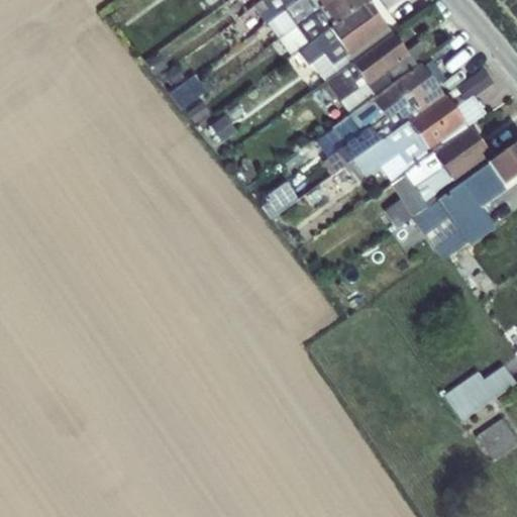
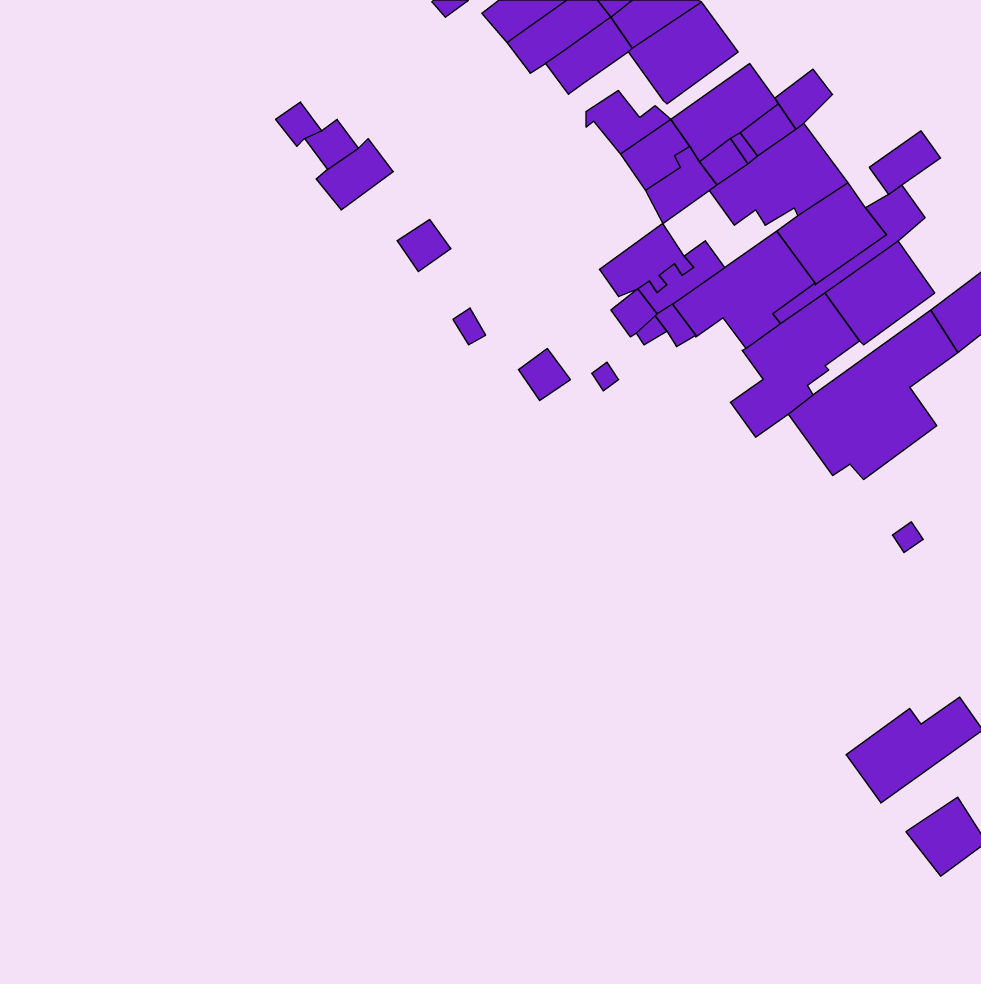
building: [301,27,349,62] -> none
building: [349,100,420,140] -> none

